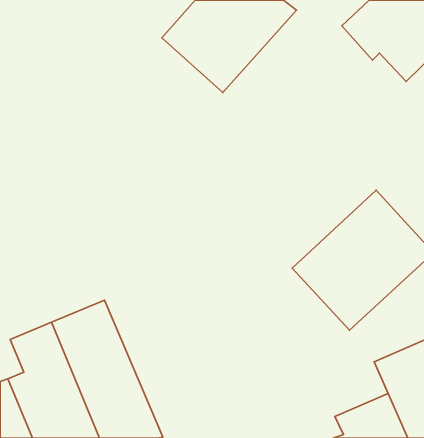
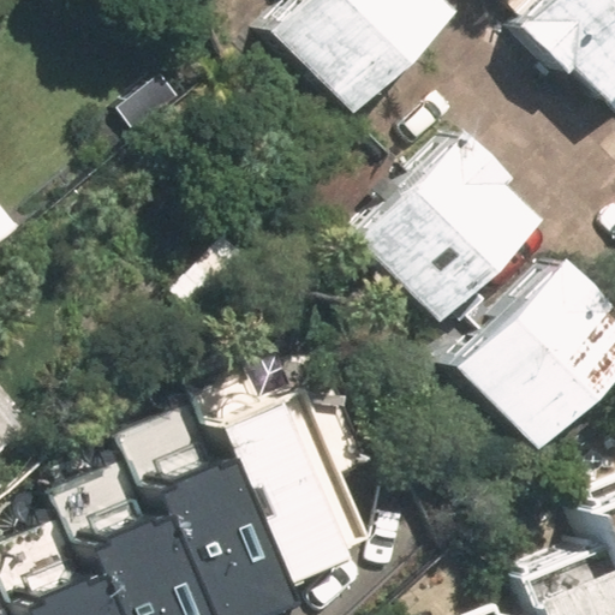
building: none -> [336,130,539,330]
building: none -> [166,374,366,598]

